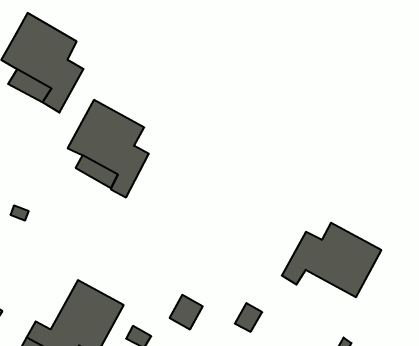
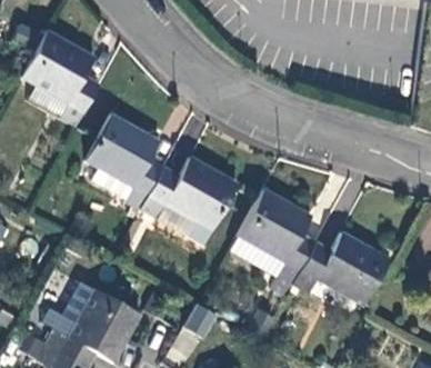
building: none -> [142,157,238,242]
building: none -> [229,189,317,295]
building: none -> [41,279,96,336]

